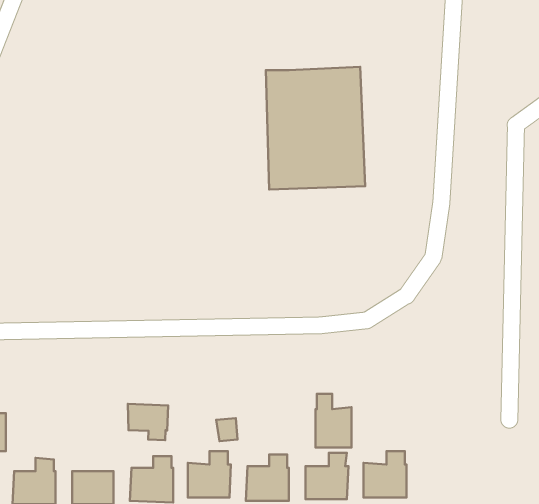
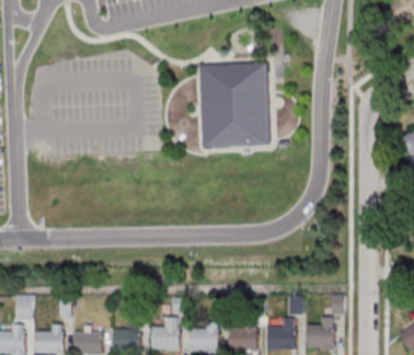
building: [315,394,351,447] -> none
building: [128,404,168,440] -> none
building: none -> [306,317,334,347]

